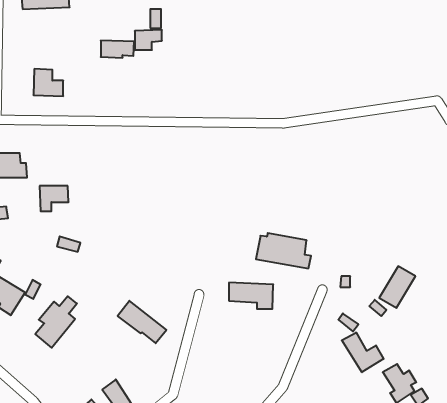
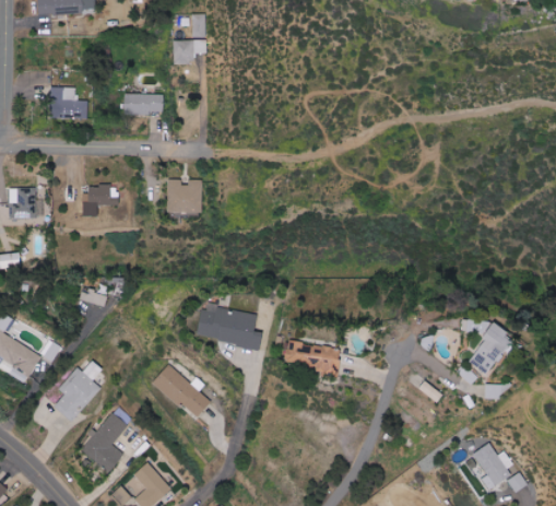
building: [101,41,134,58] -> [123,94,164,115]
building: none -> [167,180,202,213]
building: [40,186,69,211] -> [83,186,118,216]
building: [256,233,311,268] -> [196,306,262,349]
building: [342,332,384,372] -> none
building: none -> [80,412,127,473]

